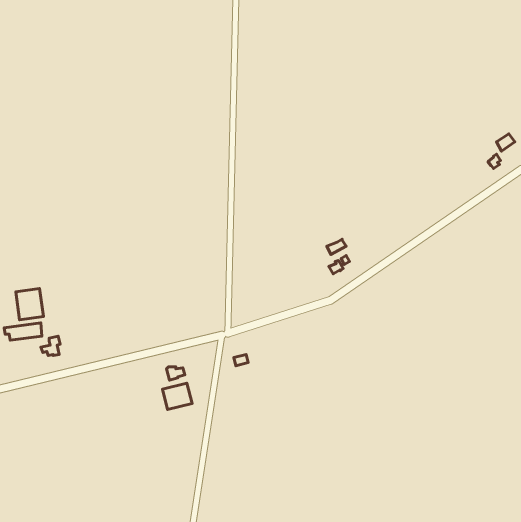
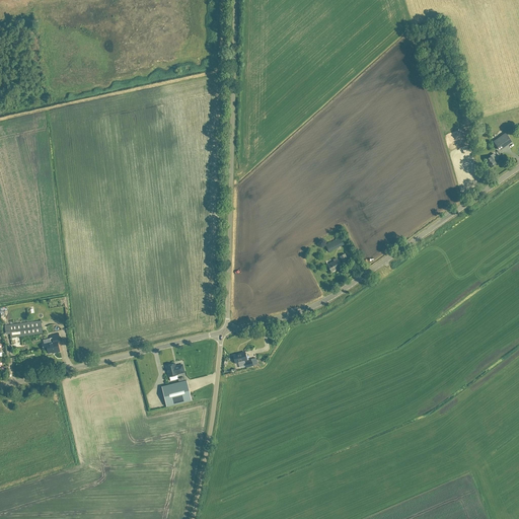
building: [16,288,43,320] -> none

